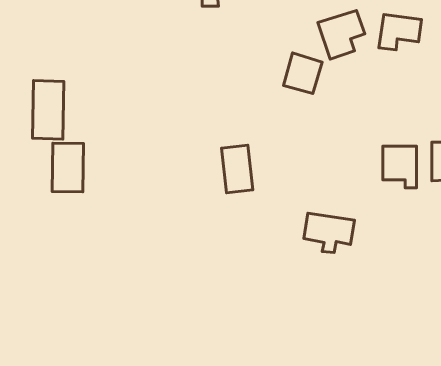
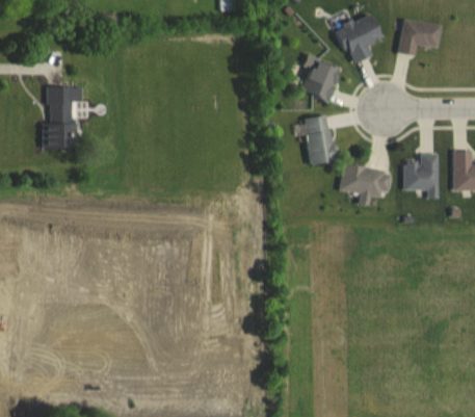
building: [52,143,84,192] -> none
building: [221,145,253,193] -> [304,114,336,163]
building: [304,213,355,253] -> [339,163,391,204]

